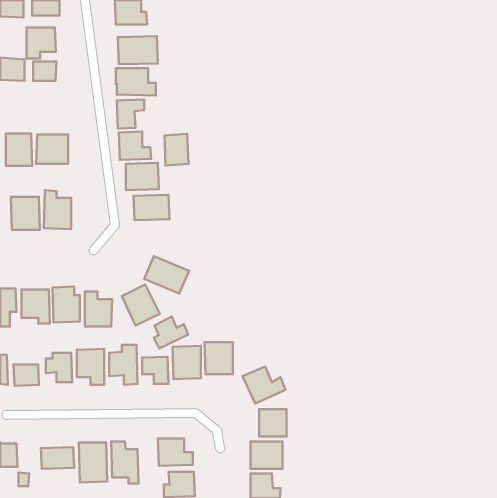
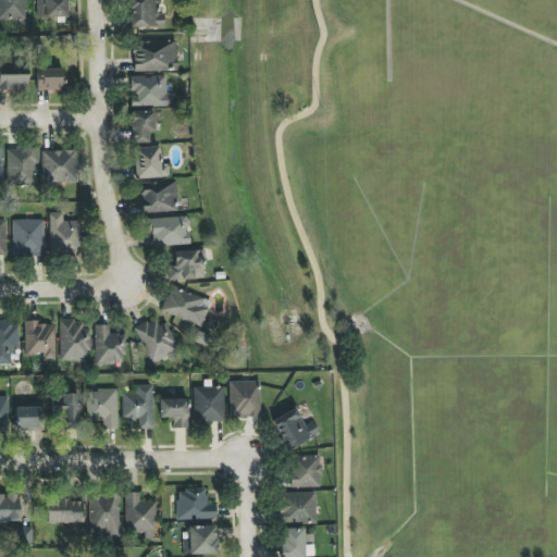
building: [26,27,56,59] -> none
building: [165,134,188,165] -> none
building: none -> [169,250,205,280]
building: [154,317,188,349] -> none

